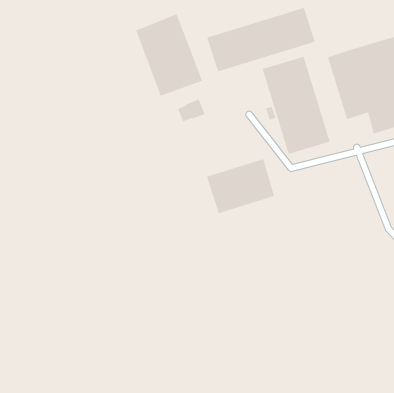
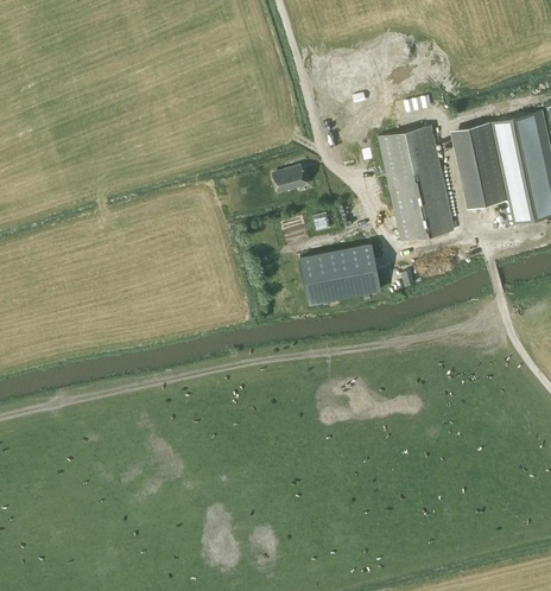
building: [207,7,316,72] -> none
building: [135,14,203,97] -> none

